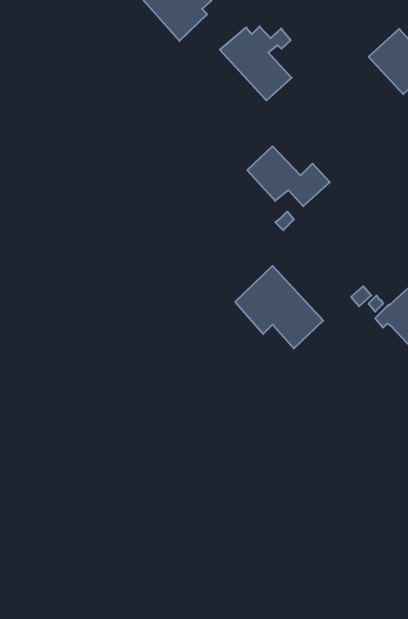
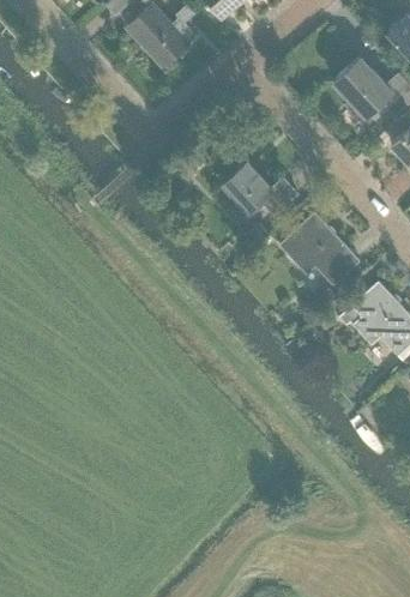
building: [220,26,292,100] -> none
building: [235,266,323,349] -> [281,212,360,287]

